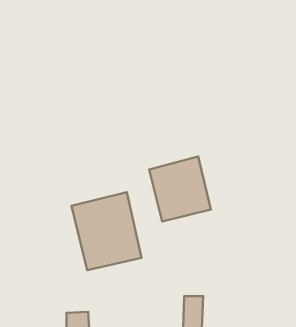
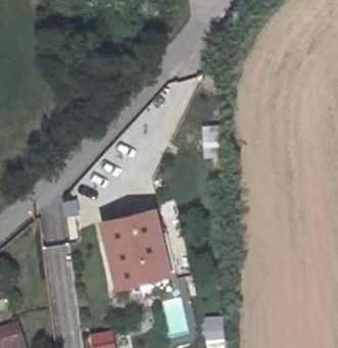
building: [149,156,211,221] -> none

